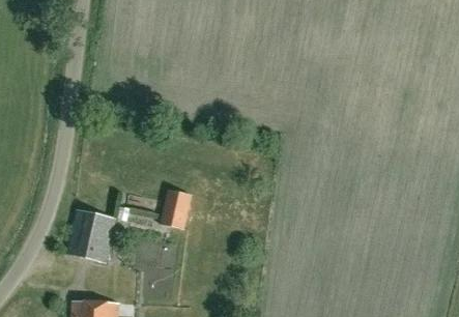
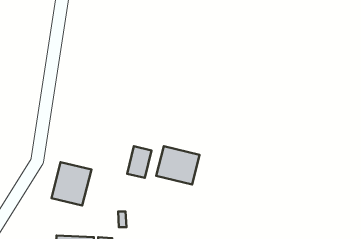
building: none -> [156,146,200,184]

